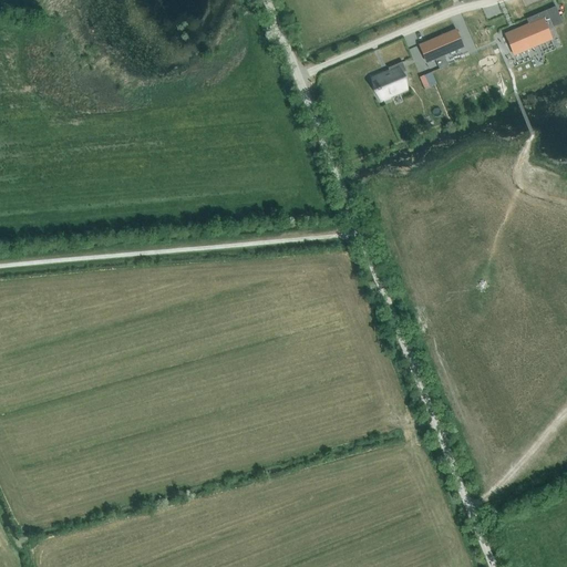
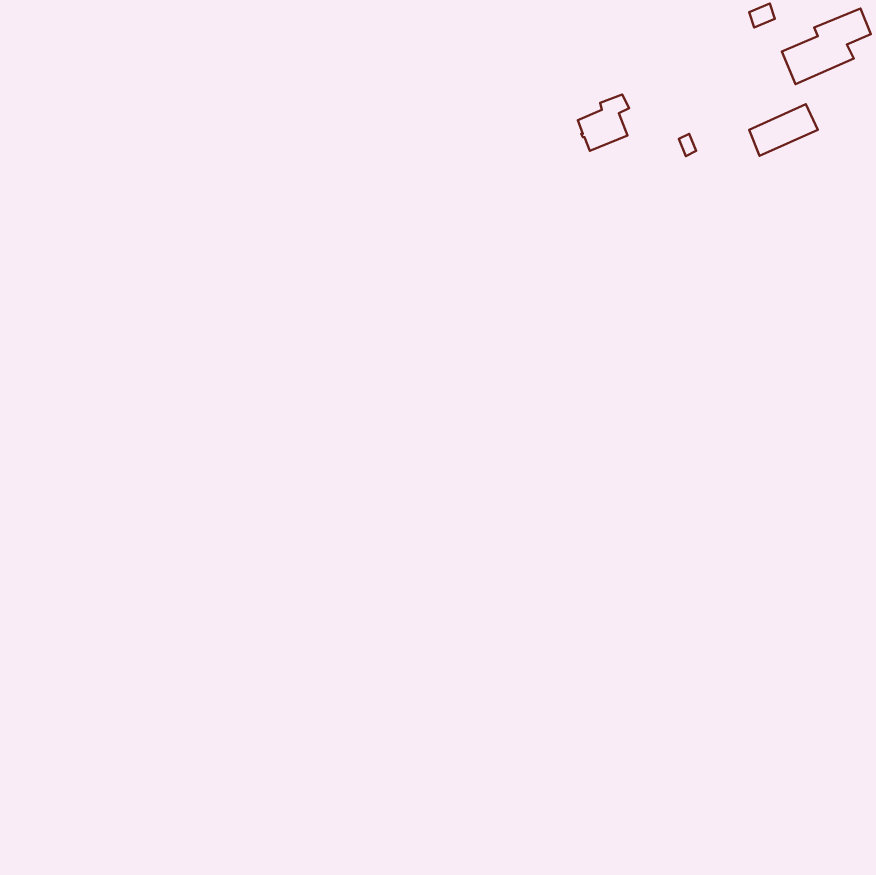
building: [419,28,463,61] -> [749,104,818,156]

